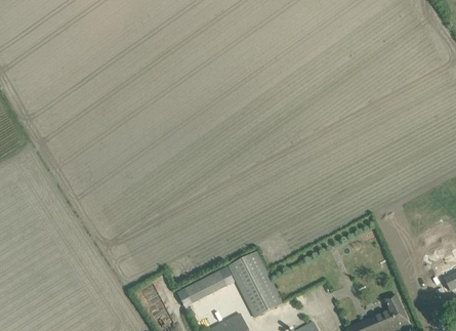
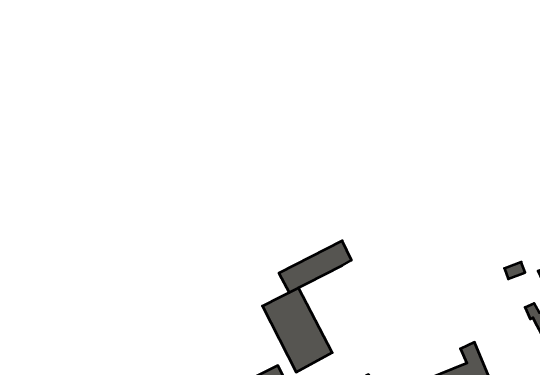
building: [176,266,234,307] -> [279,241,351,293]

